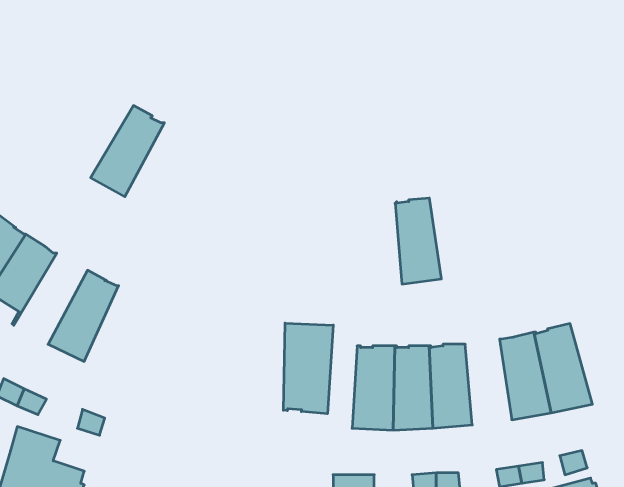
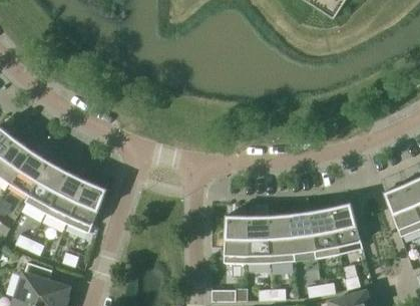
building: [91,106,164,197] -> [25,162,68,215]
building: [395,198,441,284] -> [289,212,316,262]
building: none -> [66,181,106,234]
building: [283,323,333,414] -> none

